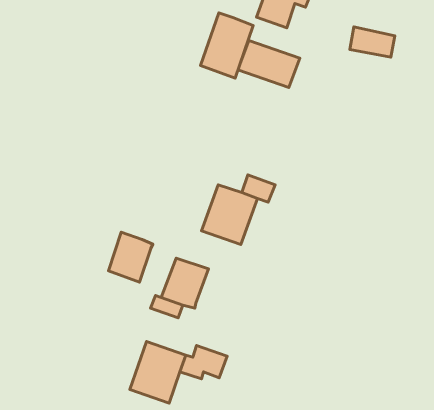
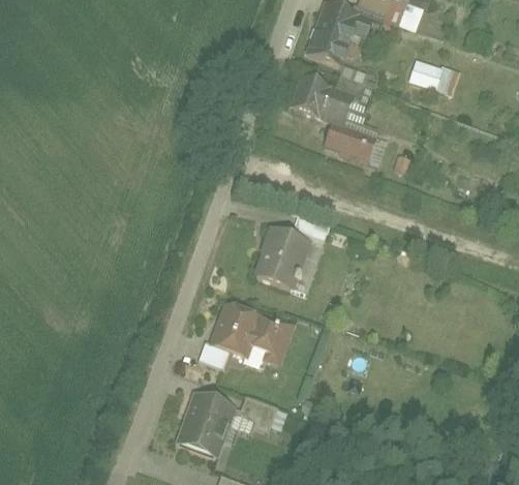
building: [200,13,253,78] -> none
building: none -> [326,122,375,158]
building: [109,232,153,282] -> none
building: none -> [246,309,294,362]

